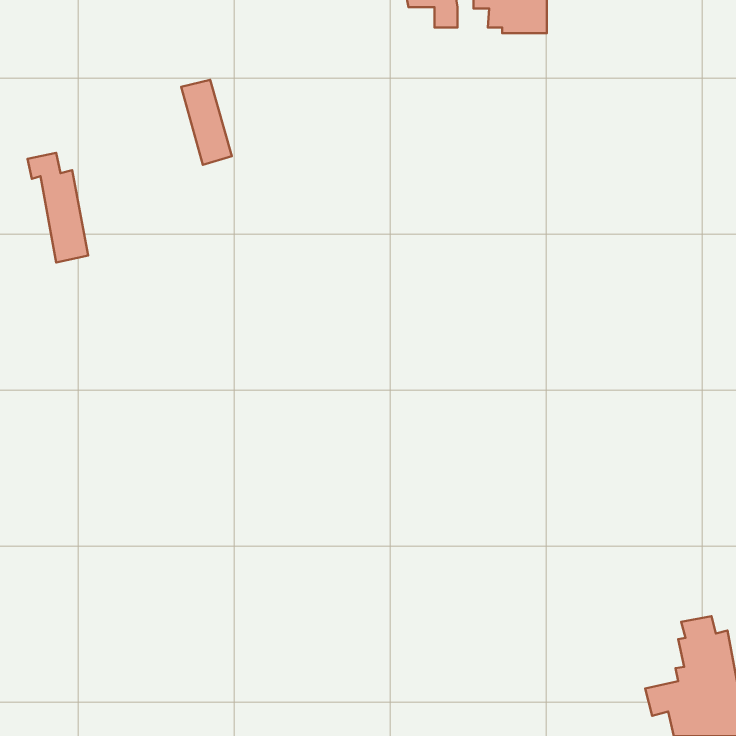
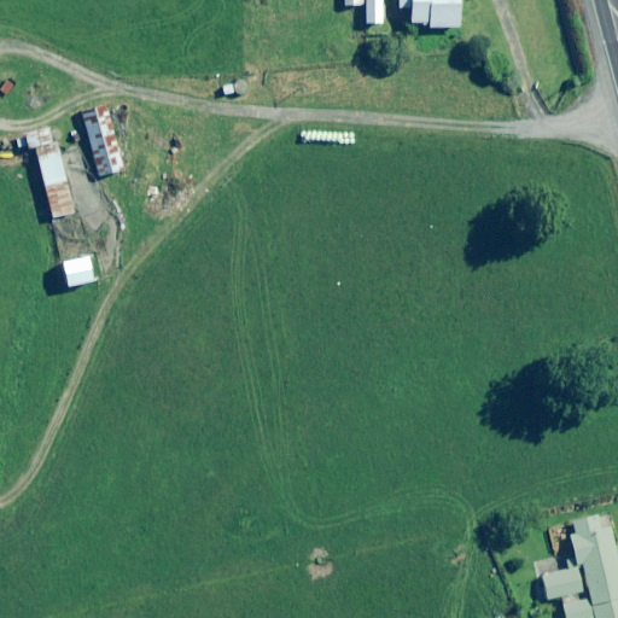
building: [181,80,232,165] -> [81,105,123,176]
building: none -> [62,257,91,286]

